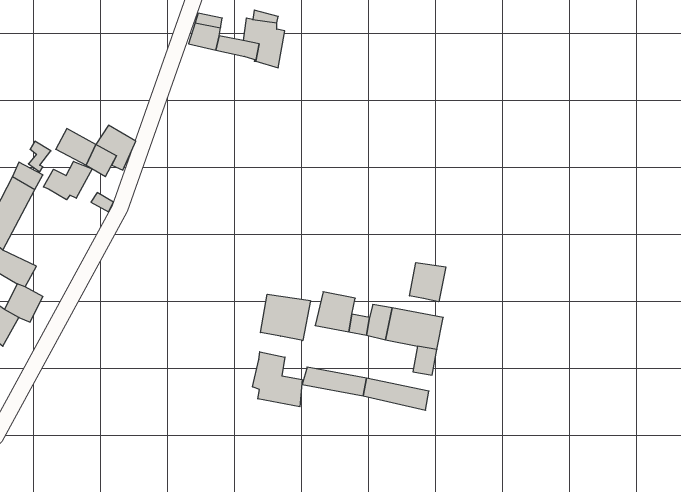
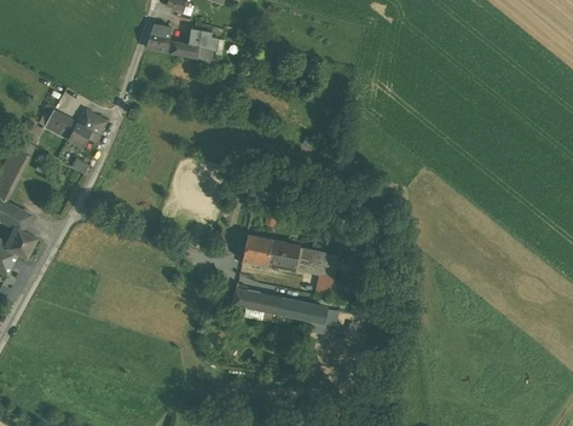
building: [43,161,92,200] -> none
building: [410,263,446,302] -> none
building: [260,294,310,341] -> none
building: [253,352,302,407] -> none

